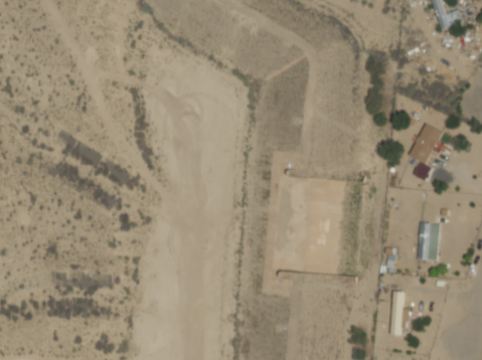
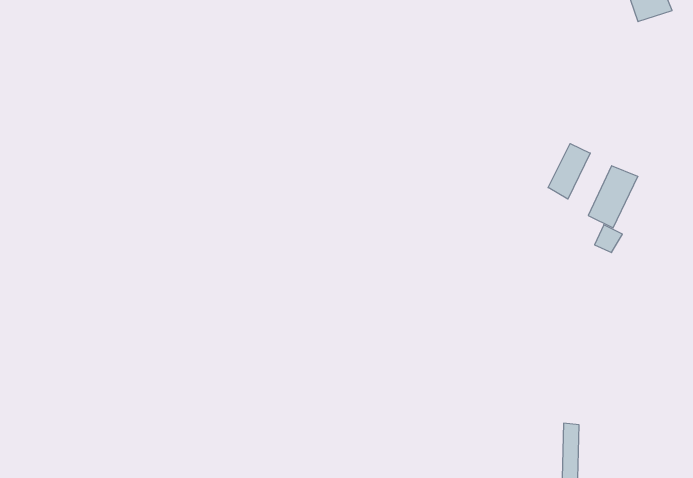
building: none -> [548,144,590,199]
building: [419,224,438,257] -> none

